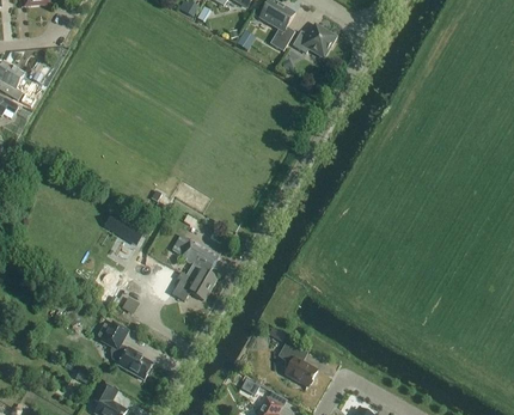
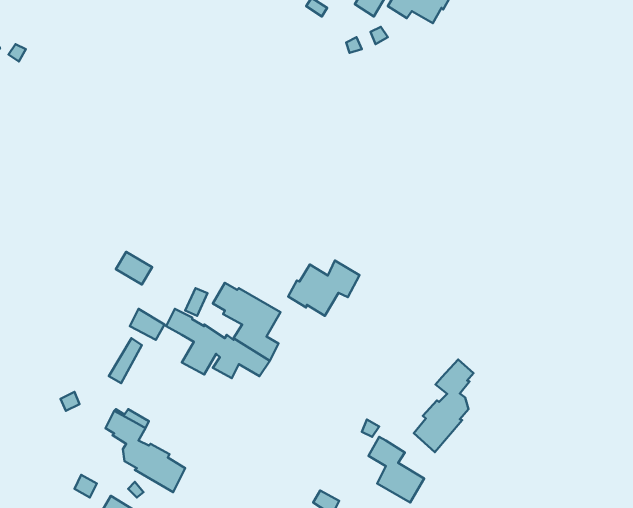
building: none -> [288,261,359,316]
building: none -> [414,360,473,452]

